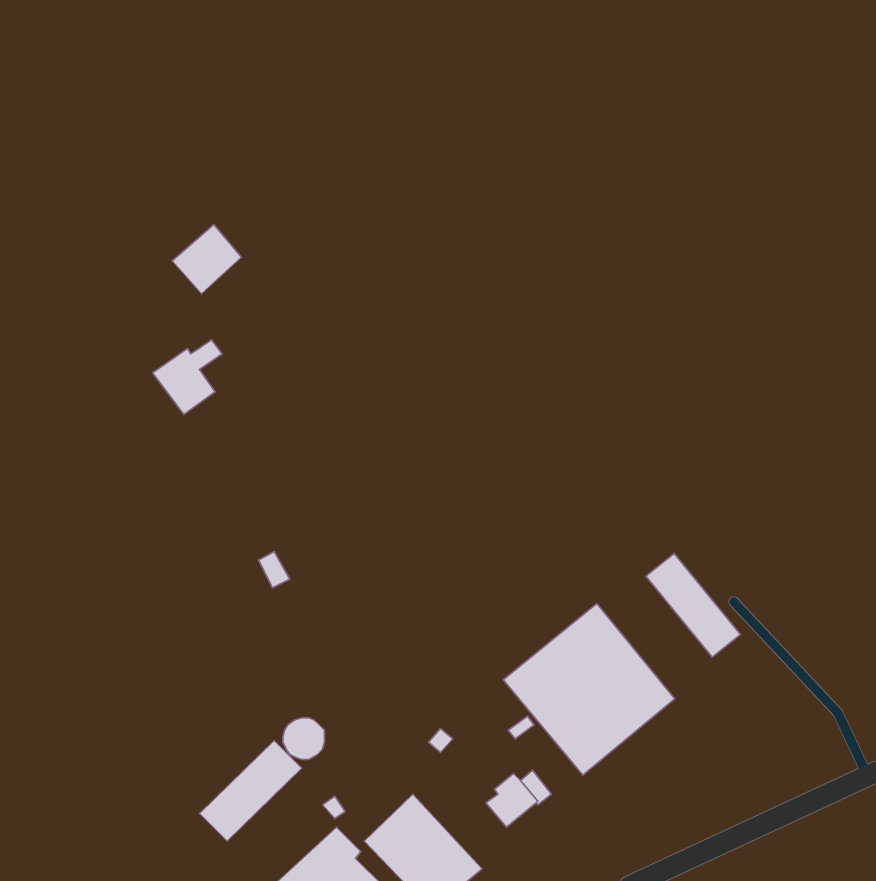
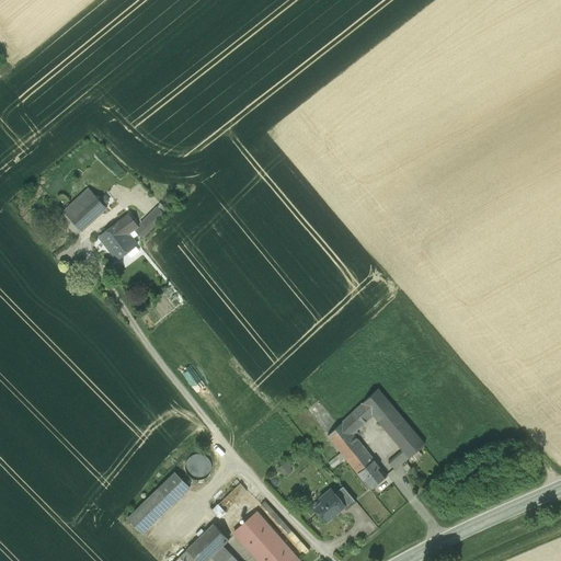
building: [172,224,241,294] -> [62,188,106,232]
building: [646,554,740,657] -> none

